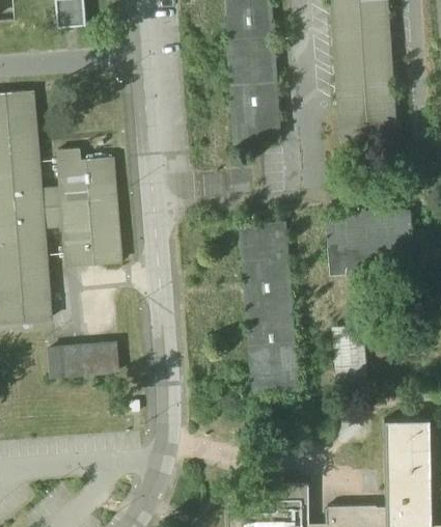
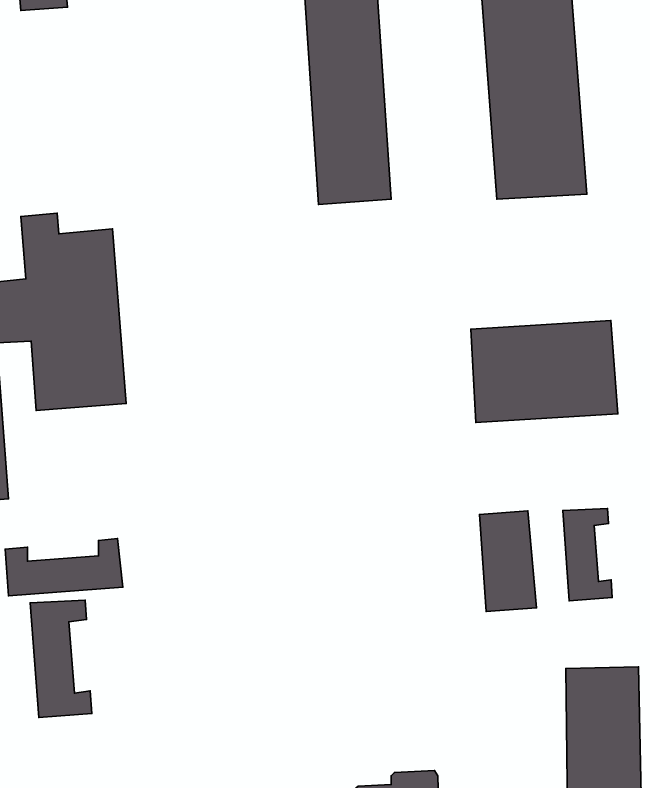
building: [241,222,299,392] -> none
building: none -> [563,508,612,601]
building: none -> [30,600,92,717]

